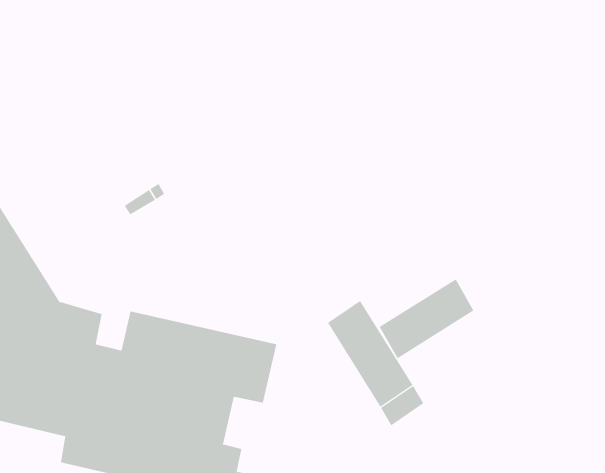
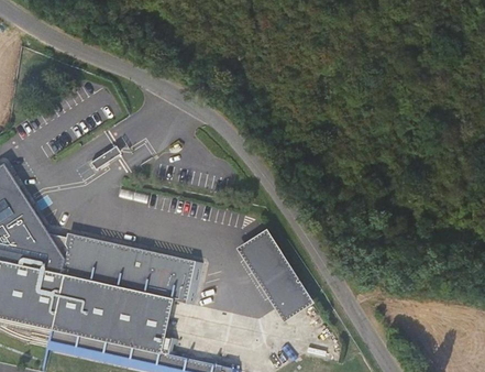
building: [379,279,474,359] -> none
building: none -> [70,231,98,265]

